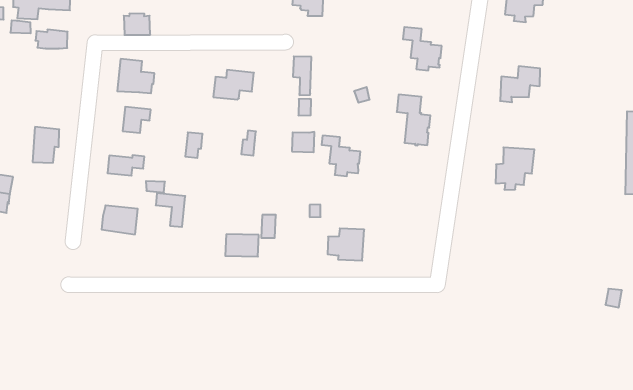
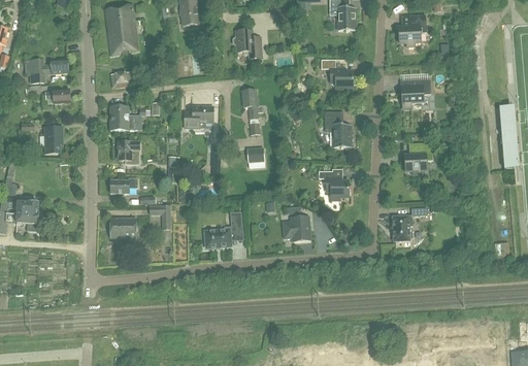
building: [33,127,59,163] -> [43,126,63,153]
building: [322,136,360,176] -> [318,170,348,199]
building: none -> [391,214,411,240]

